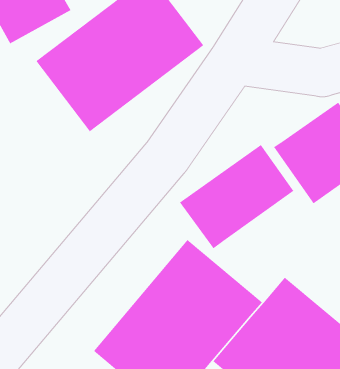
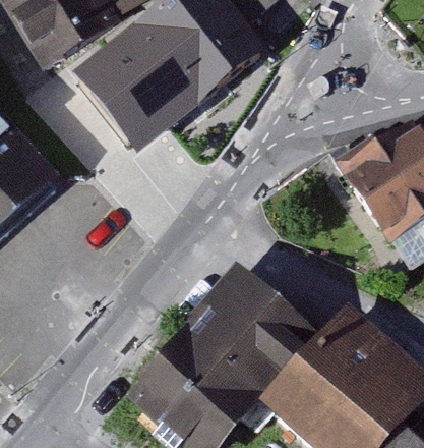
building: [179,144,294,249] -> none

